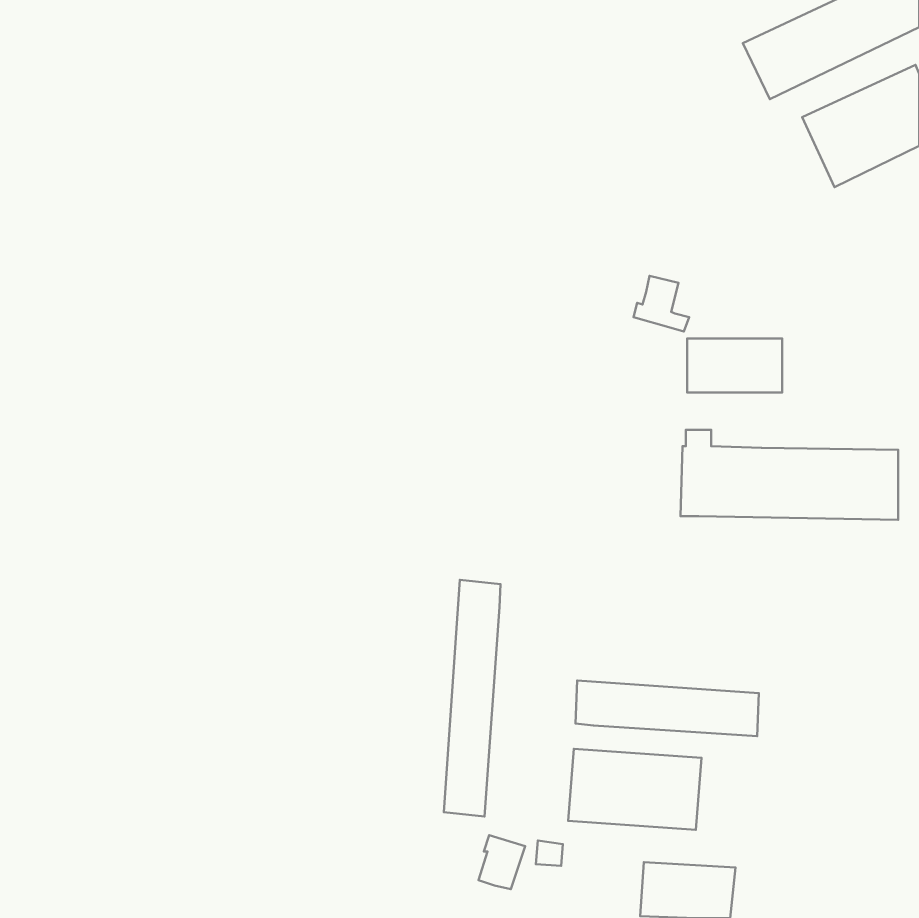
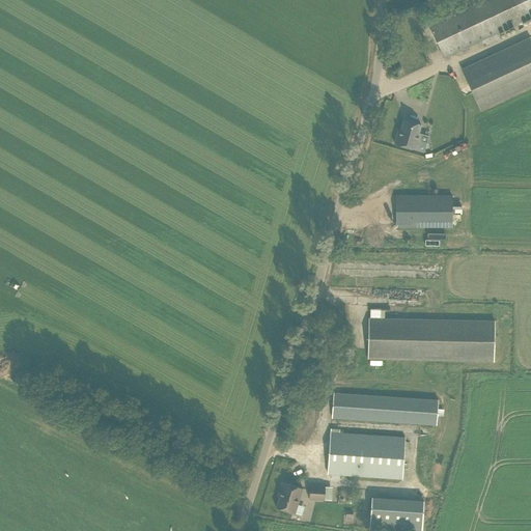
building: [633,276,689,331] -> [394,119,426,151]
building: [681,430,898,520] -> [367,308,493,360]
building: [444,580,501,817] -> none

